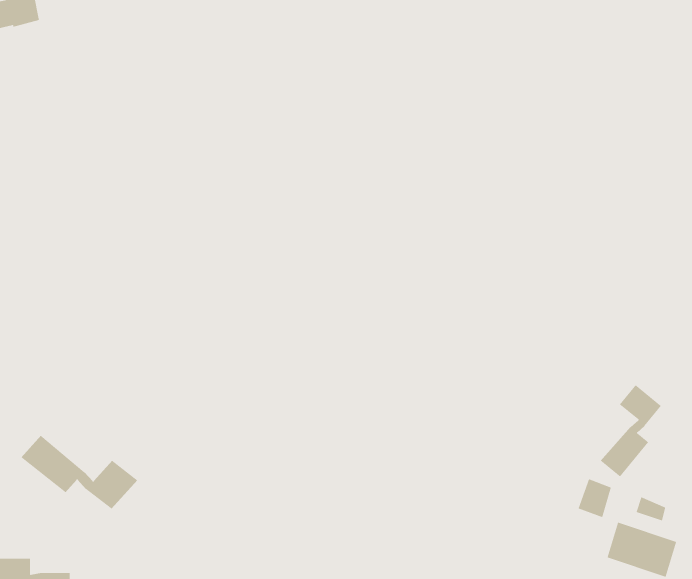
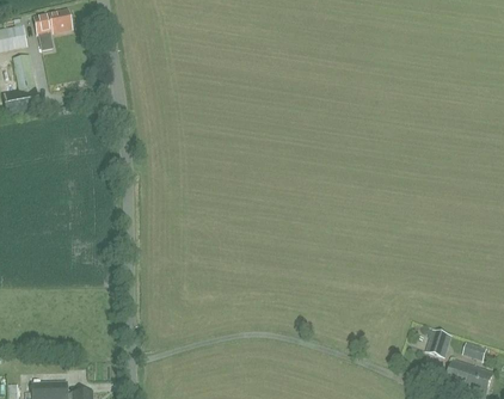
building: [600,384,662,478] -> none
building: [20,435,138,510] -> none

